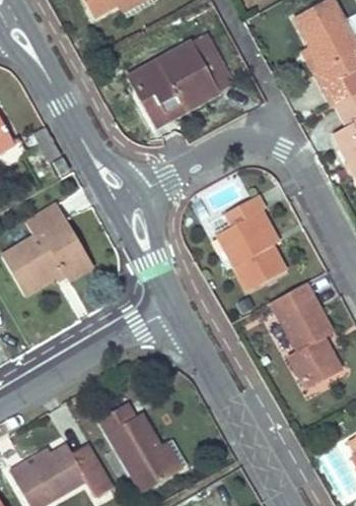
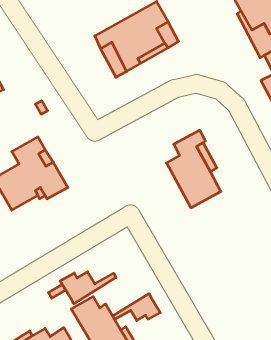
building: [272,283,339,389] -> none
building: none -> [60,272,116,304]
building: none -> [113,294,160,321]

